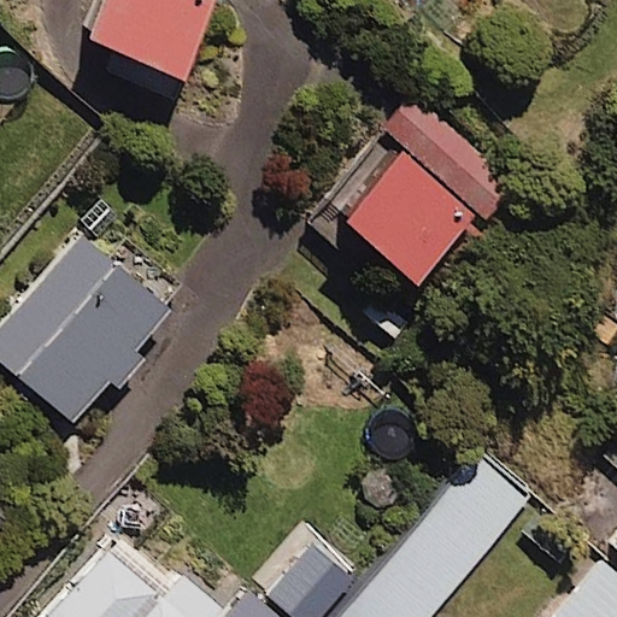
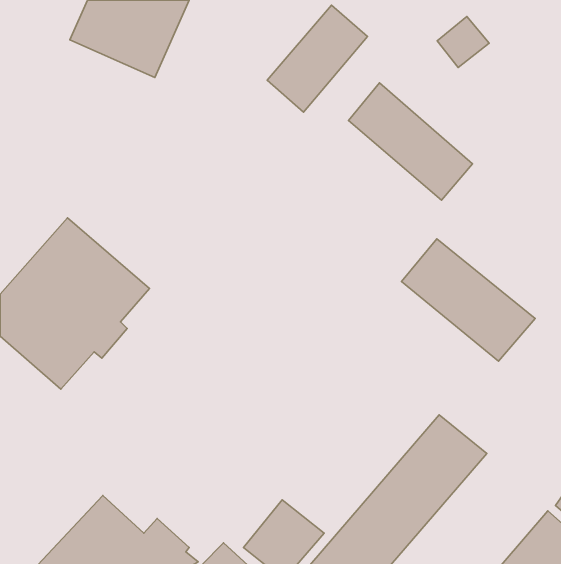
building: none -> [267,5,368,112]
building: [335,153,471,290] -> none
building: none -> [401,239,535,361]

